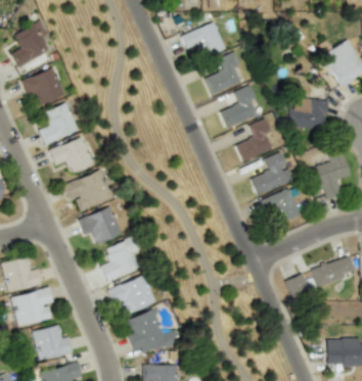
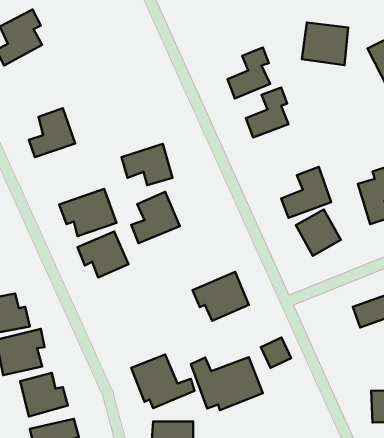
building: [181,21,226,57] -> none
building: [21,68,64,104] -> none
building: [288,97,327,133] -> [302,23,348,65]
building: [235,120,271,161] -> none
building: [49,138,92,173] -> [121,144,173,185]
building: [100,239,141,282] -> [131,192,180,243]
building: [284,274,310,299] -> [261,338,291,368]
building: [108,275,155,316] -> [193,272,249,321]
building: none -> [191,357,263,410]

